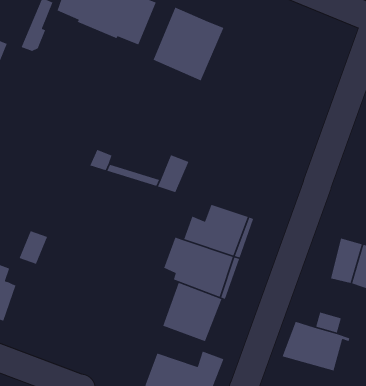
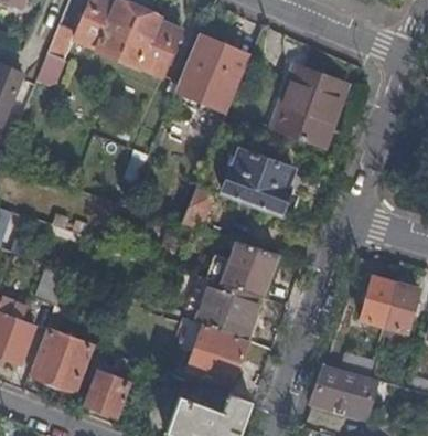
building: none -> [272,68,338,149]
building: none -> [222,150,293,214]
building: none -> [31,331,92,391]
building: none -> [85,371,129,416]

